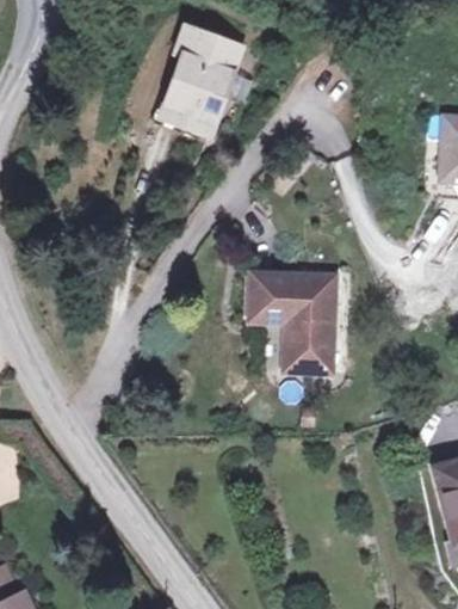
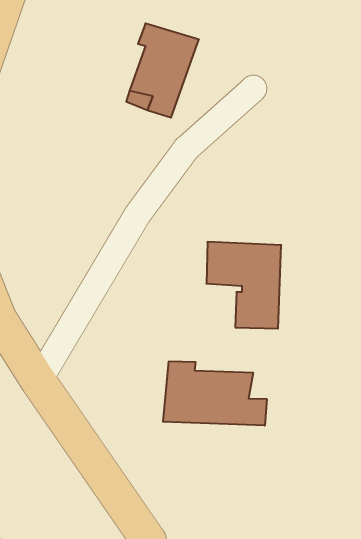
building: none -> [163,361,267,426]

